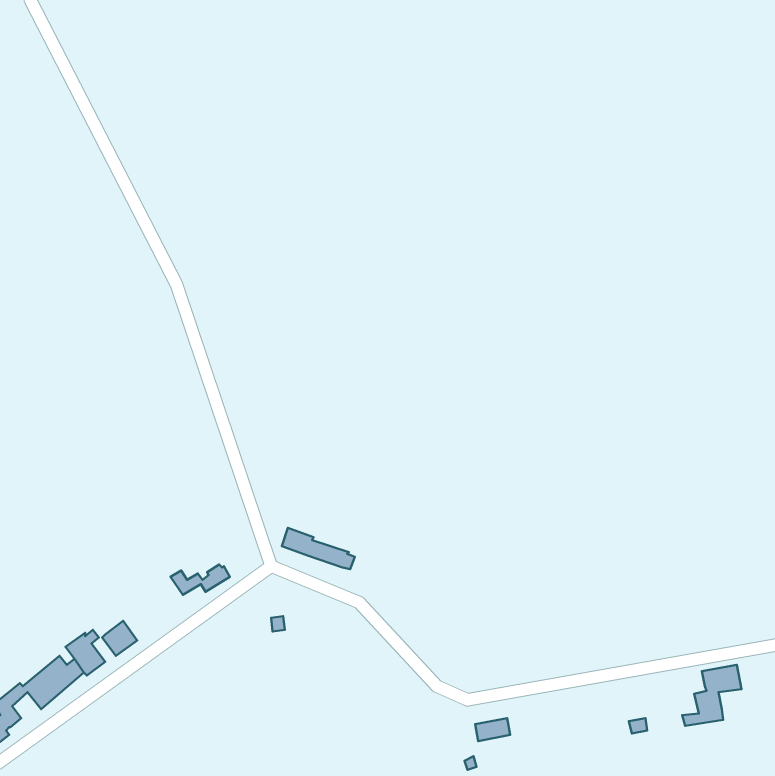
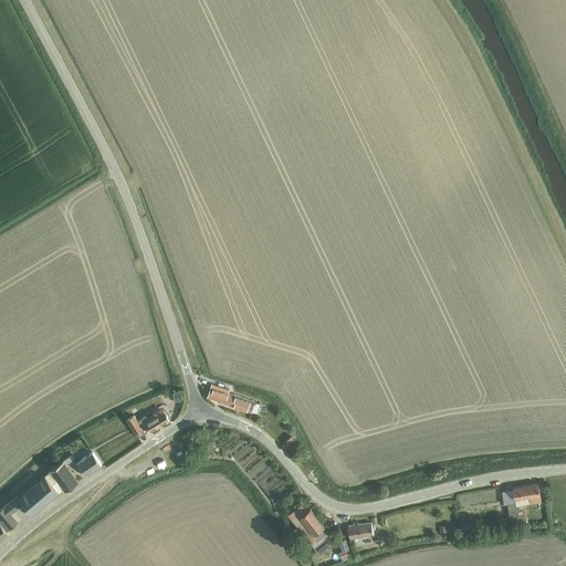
building: none -> [290,505,324,547]

